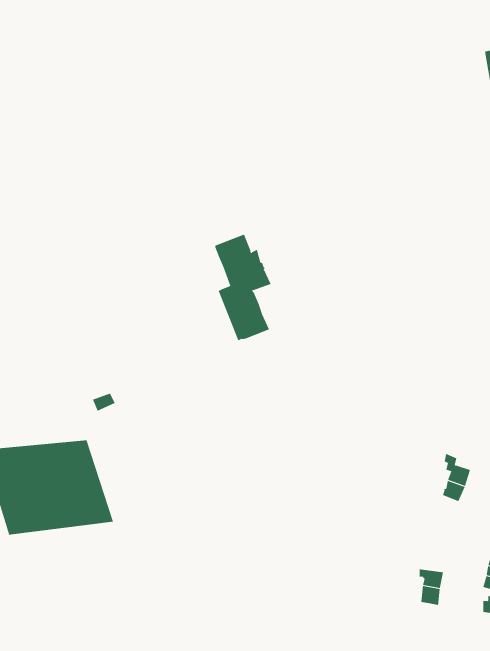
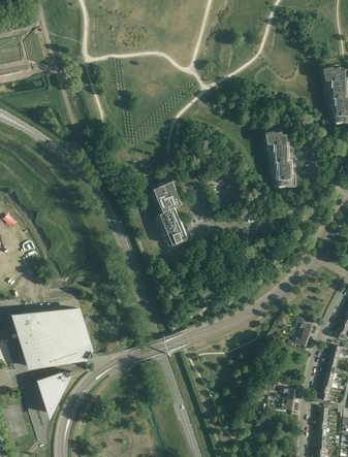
building: none -> [262,128,296,186]
building: none -> [39,371,70,413]

